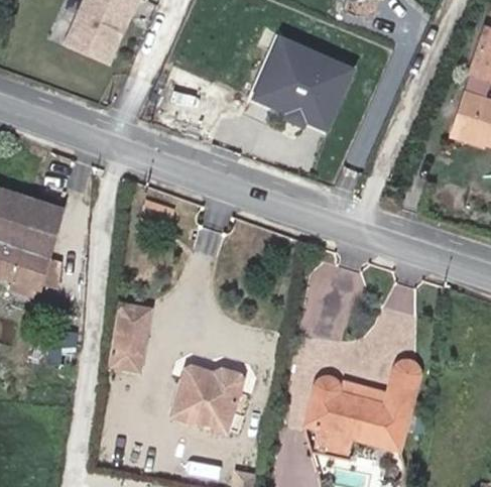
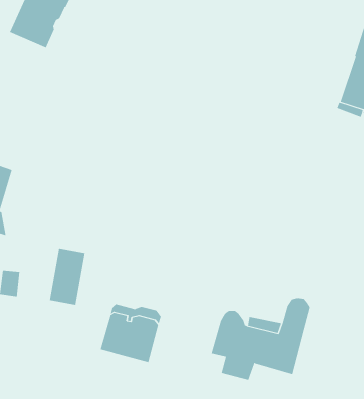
building: [252,30,360,131] -> none

